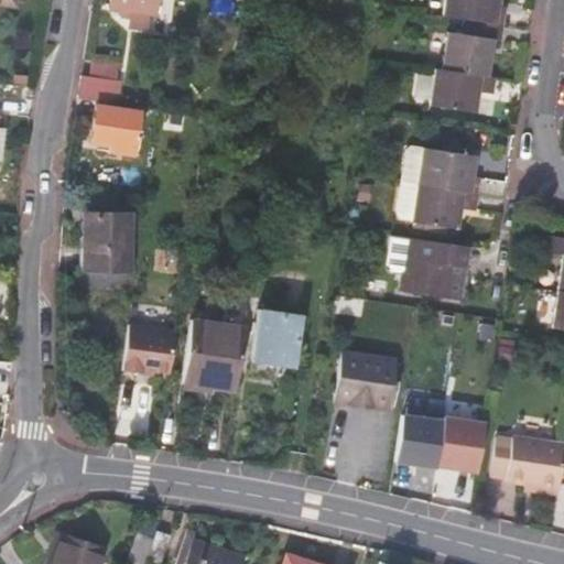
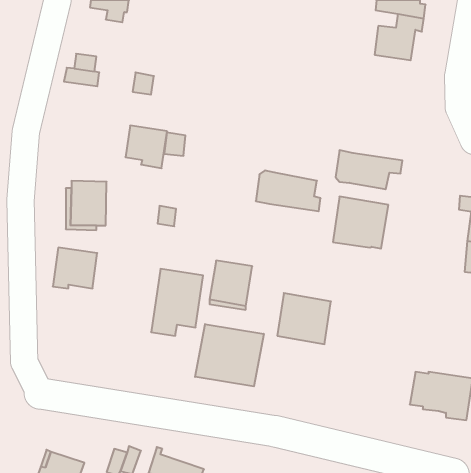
building: [435,65,499,109] -> none
building: [93,106,142,156] -> [125,126,167,168]
building: [406,143,484,192] -> [256,170,321,211]
building: [123,324,176,372] -> [53,248,97,288]
building: none -> [195,324,264,386]
building: [398,409,489,474] -> none

